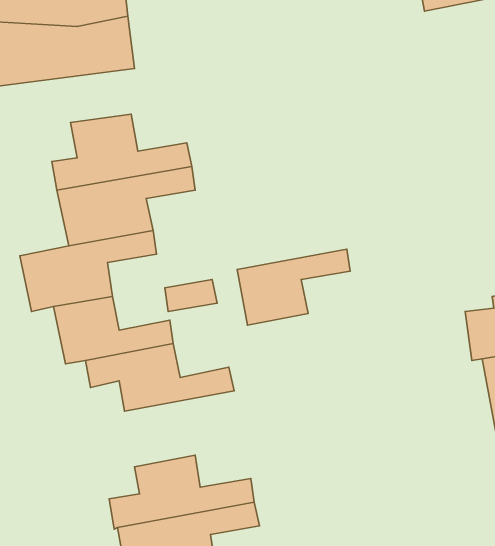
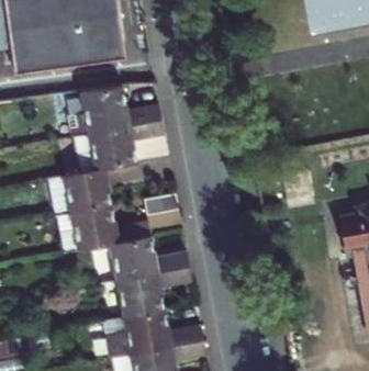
building: [237,249,350,325] -> [118,269,191,318]

